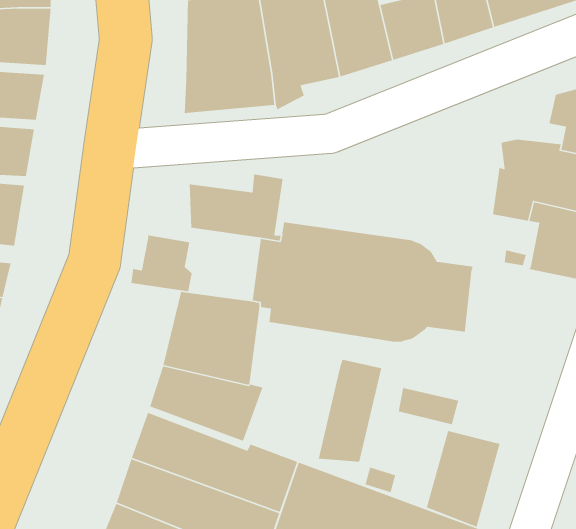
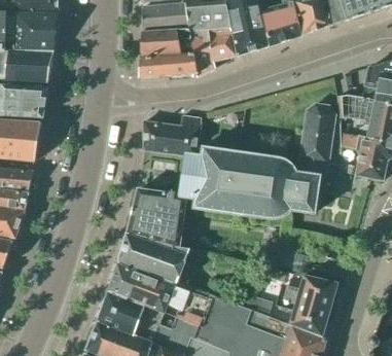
building: none -> [297,102,335,176]
building: [130,235,192,292] -> none
building: [318,359,382,462] -> none

